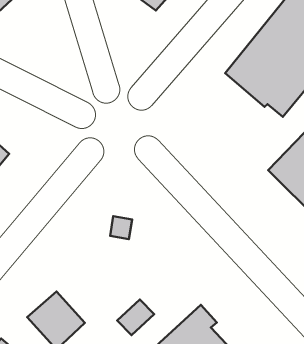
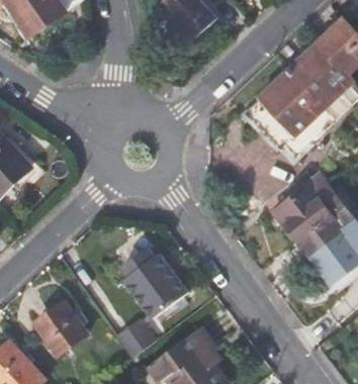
building: none -> [123,253,187,319]

